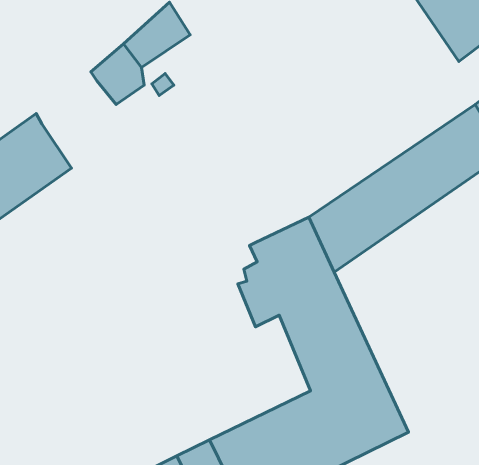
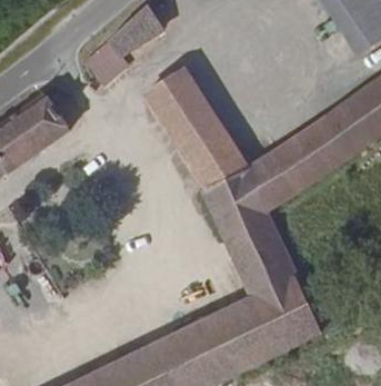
building: none -> [146,69,247,188]

